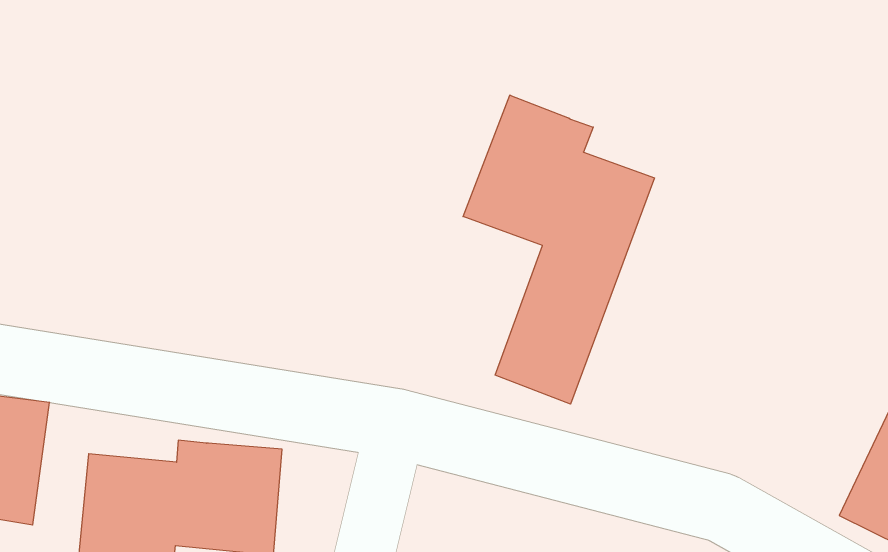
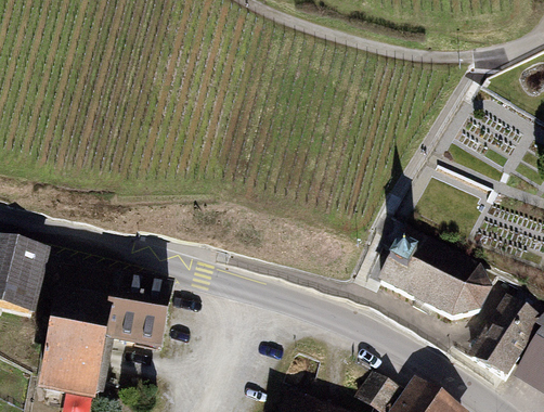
building: [463,95,655,404] -> none
building: none -> [381,231,489,318]

